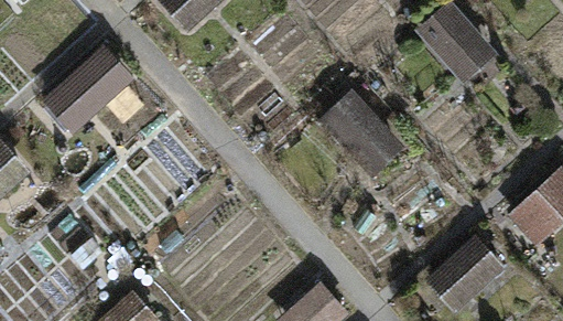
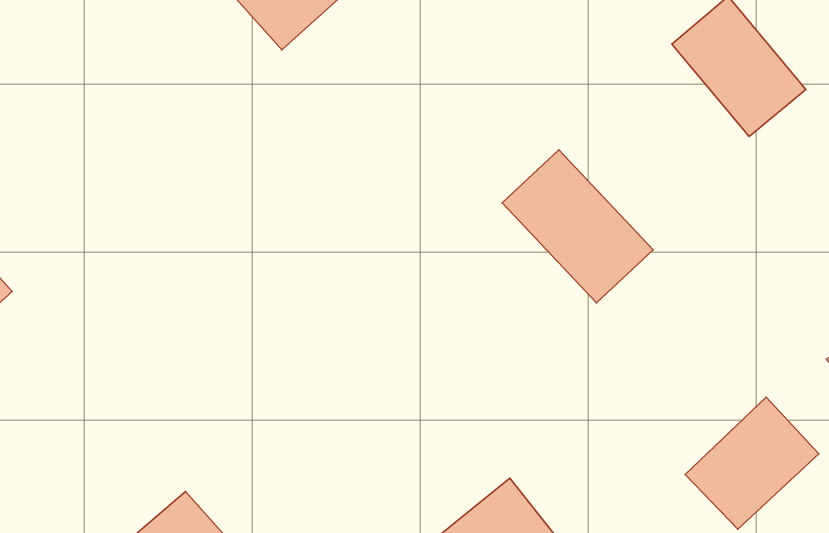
building: [41,44,134,136] -> none

